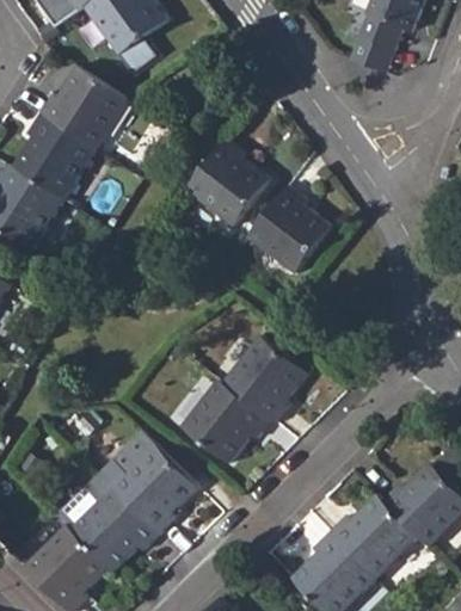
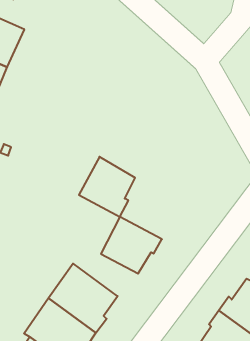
building: [186,137,269,224] -> none
building: [247,184,328,272] -> none
building: [222,337,303,424] -> [79,157,135,217]

